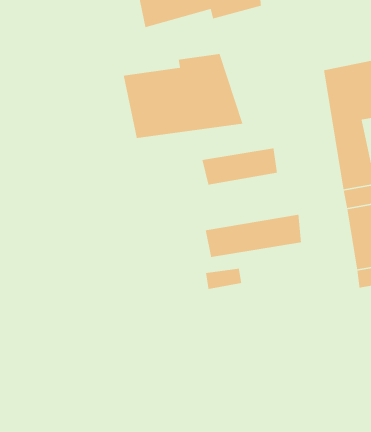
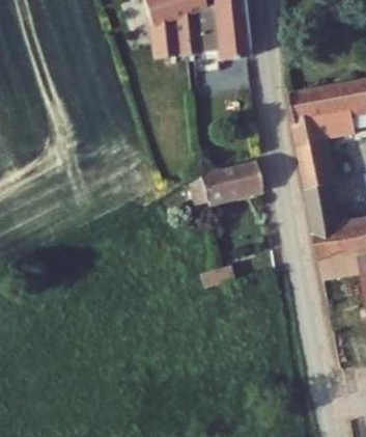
building: [123,53,243,139] -> none
building: [205,214,302,258] -> none

